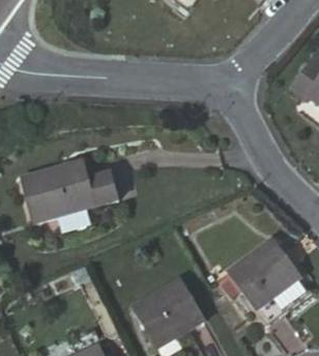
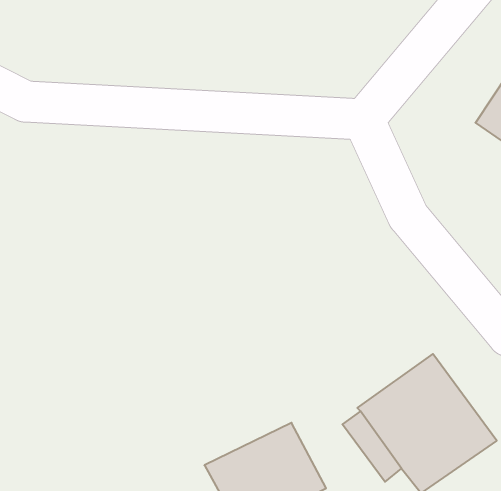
building: [23,158,122,221] -> none

